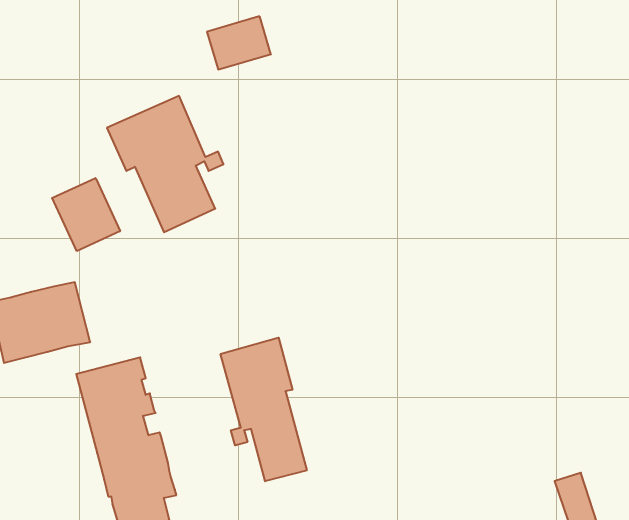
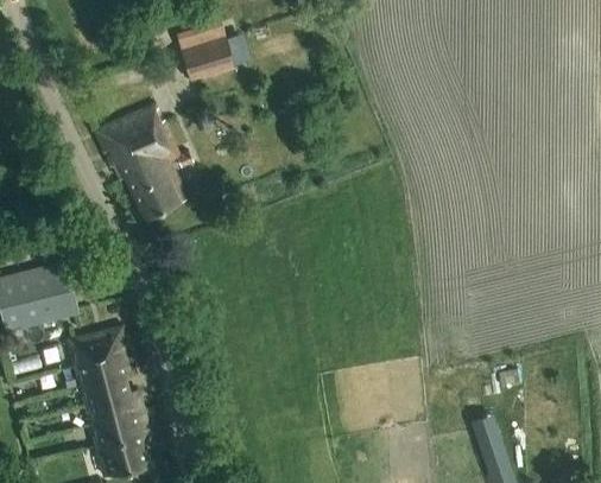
building: [52,178,120,251] -> none
building: [221,338,307,481] -> none

